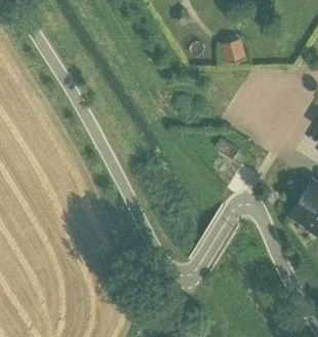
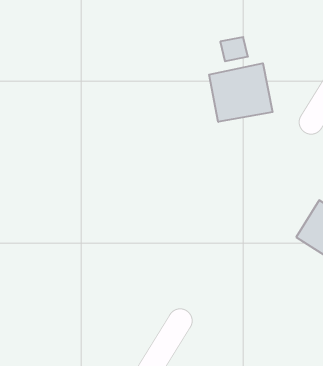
building: none -> [209,63,273,122]

